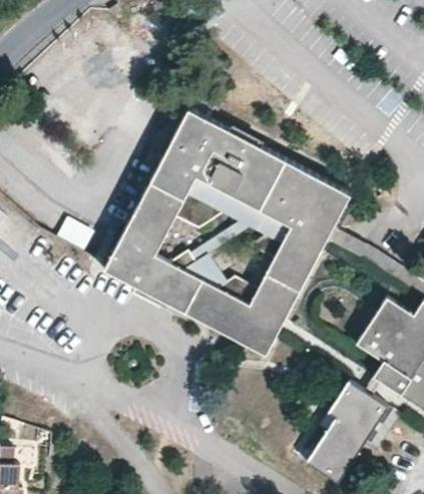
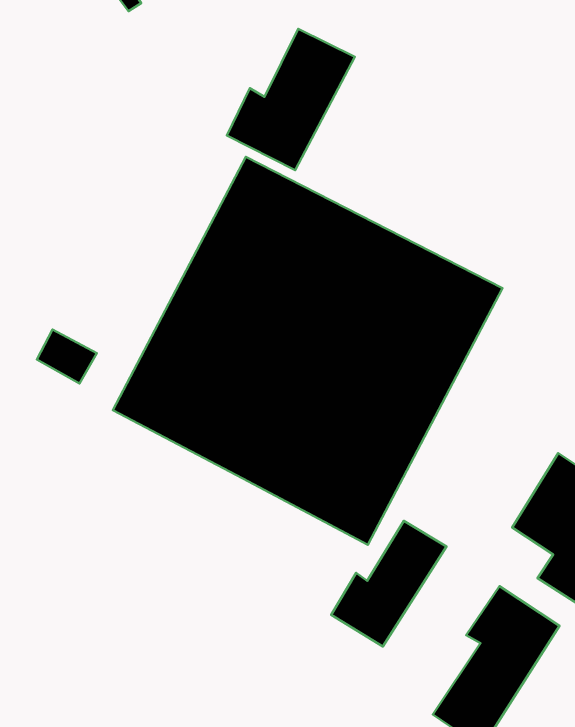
building: none -> [227,29,355,170]
building: none -> [331,521,447,647]

